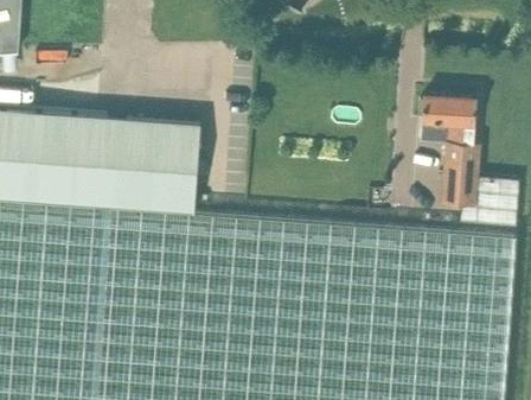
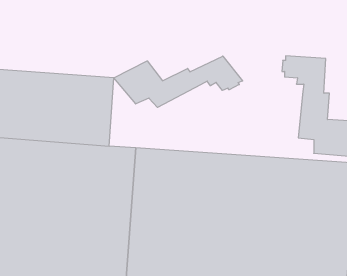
building: none -> [114,56,243,107]

